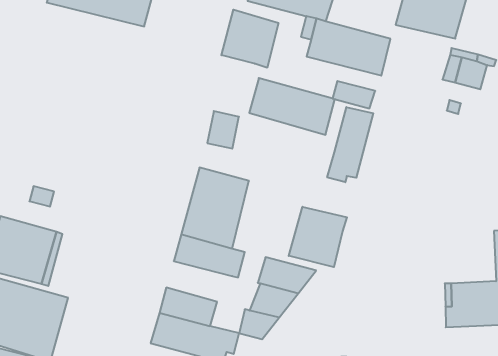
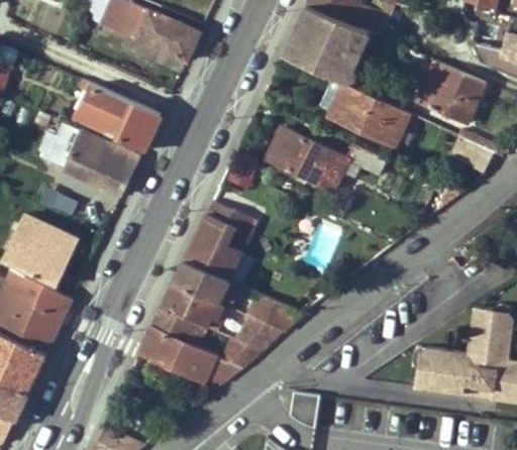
building: [221,10,278,68] -> none
building: none -> [75,80,160,149]
building: [327,107,373,182] -> none
building: none -> [62,132,139,197]
building: [289,207,347,267] -> none
building: none -> [164,283,226,327]

